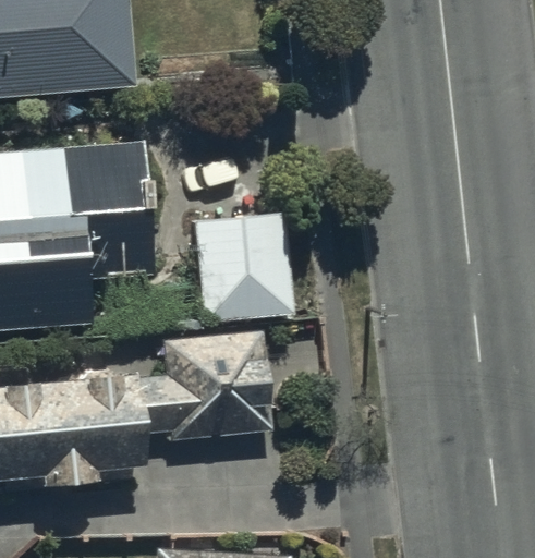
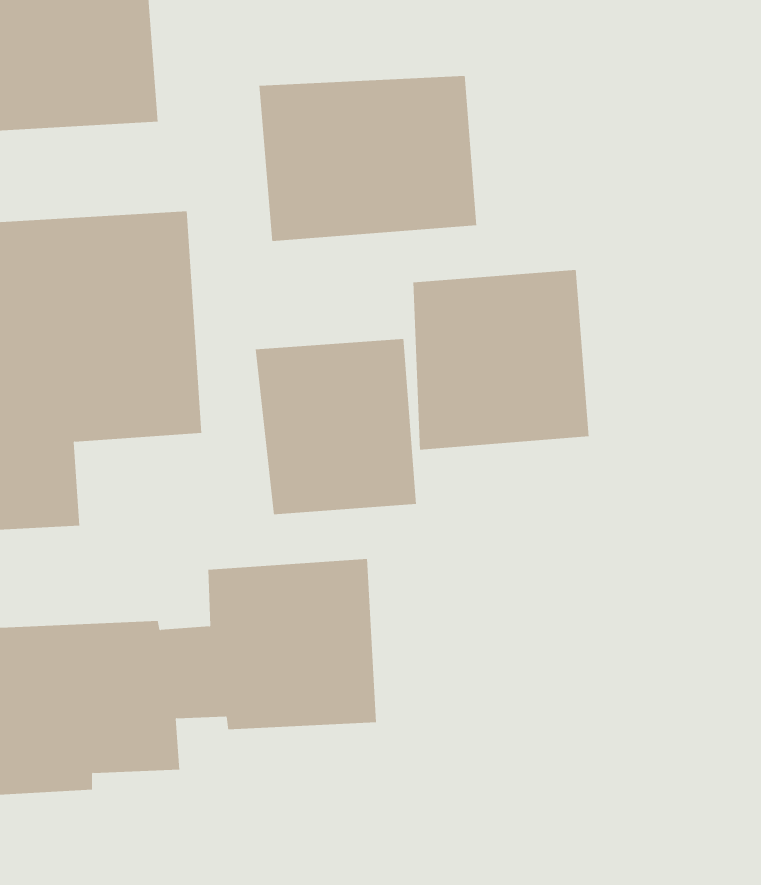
building: none -> [259,75,477,242]
building: none -> [413,269,589,451]

